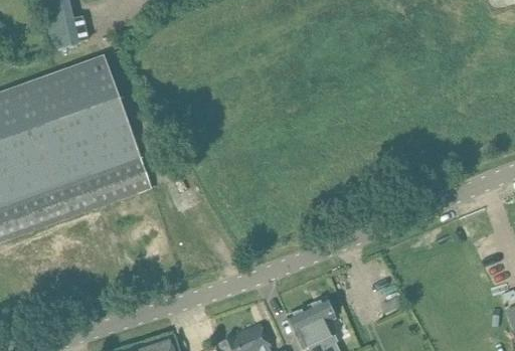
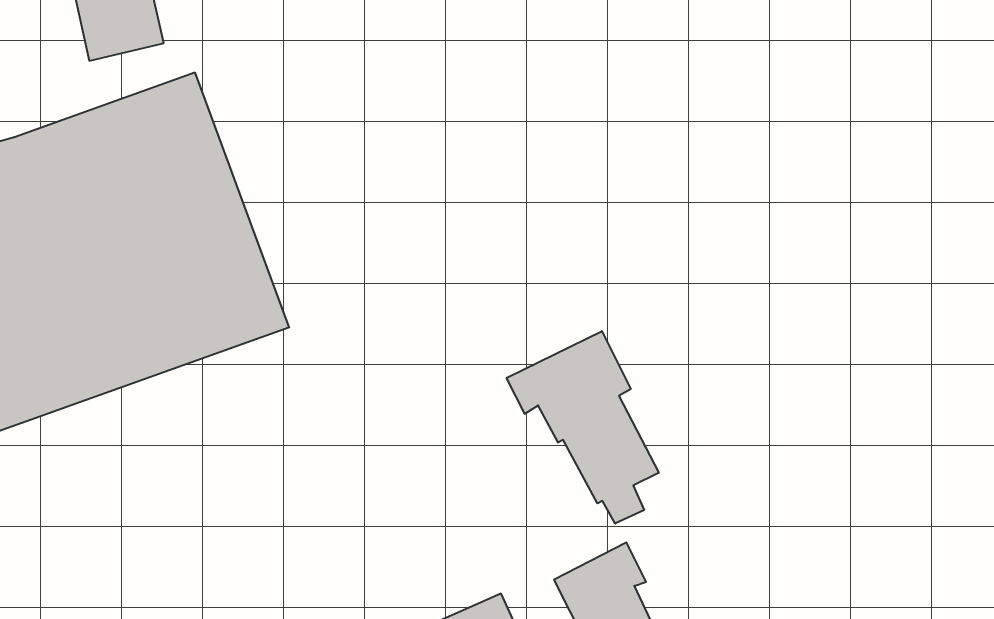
building: none -> [507,331,659,524]

